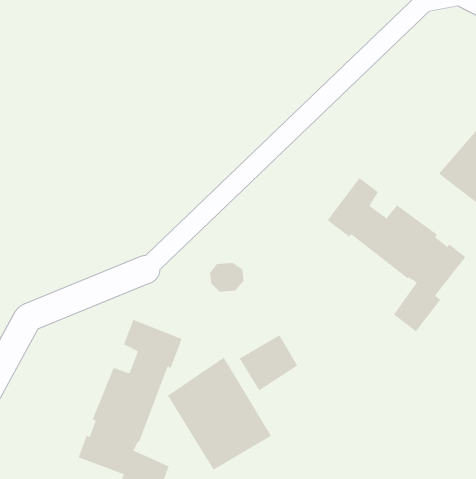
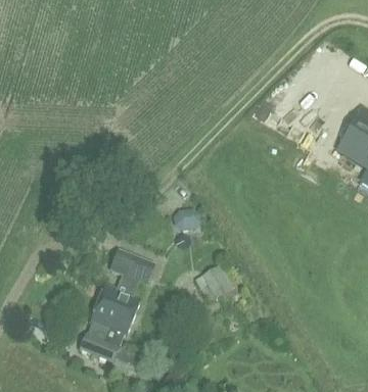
building: [327,177,466,332] -> none
building: [167,357,272,471] -> none

